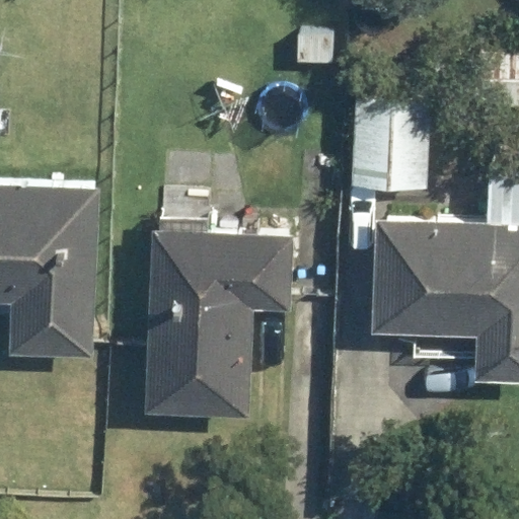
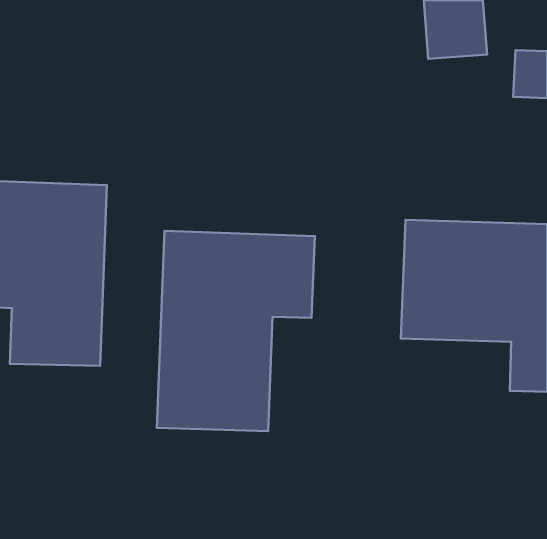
building: [352,105,425,191] -> none

